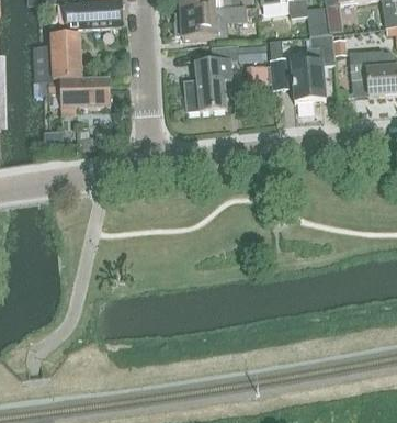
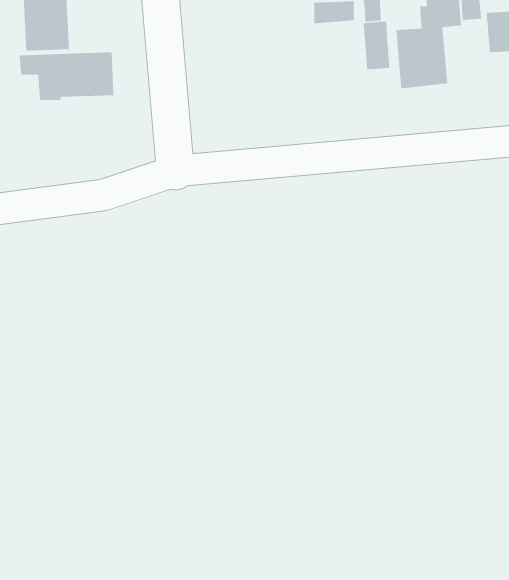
building: [184,58,232,111] -> none

